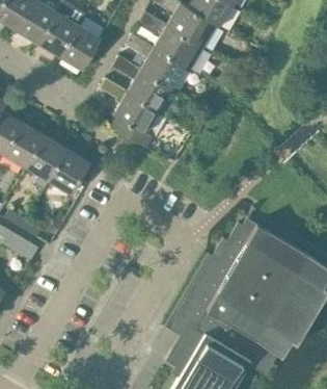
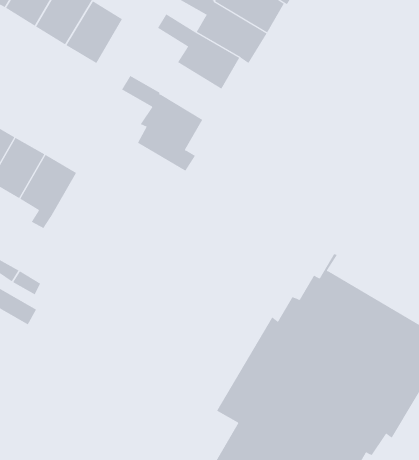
building: [112,56,171,110] -> none
building: [48,149,89,194] -> none

